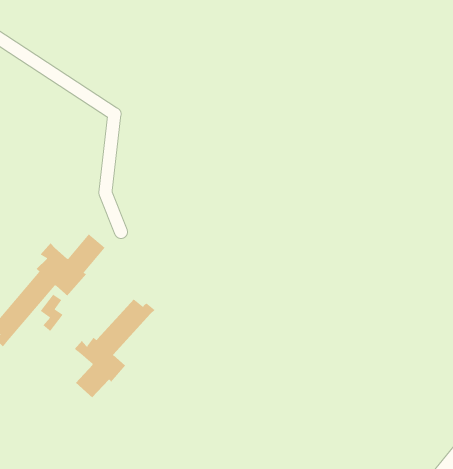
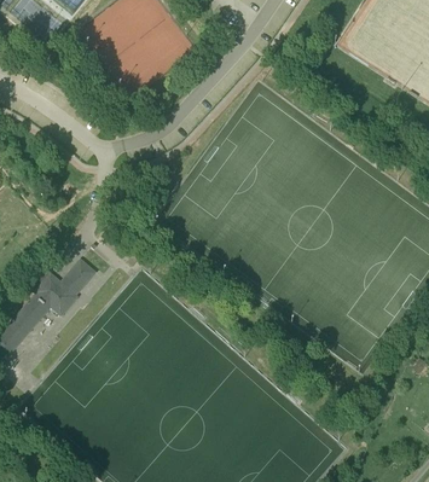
building: [74,299,156,398] -> none

